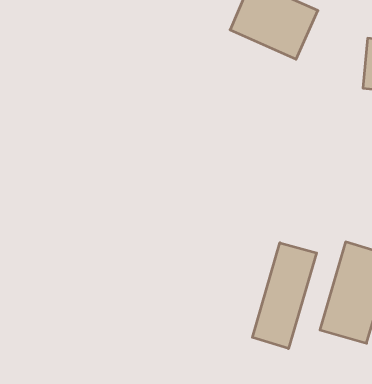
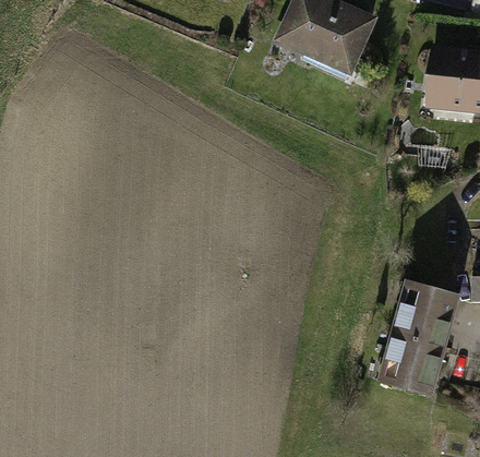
building: [252,243,317,349] -> none

